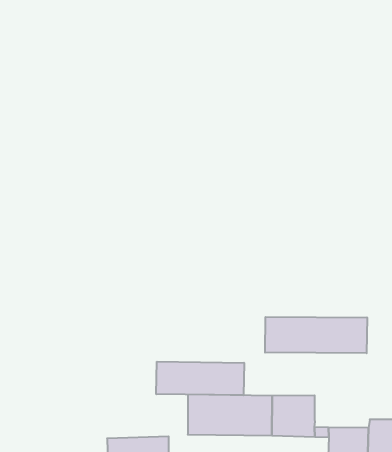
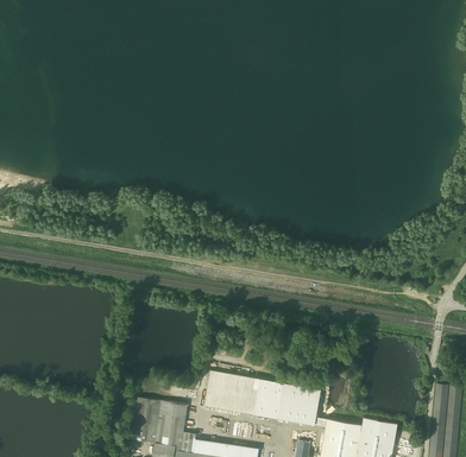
building: [265,317,367,353] -> none
building: [156,362,244,395] -> none

